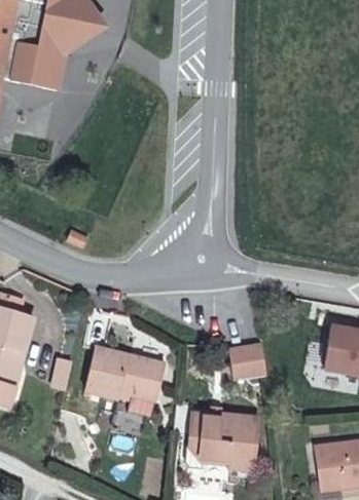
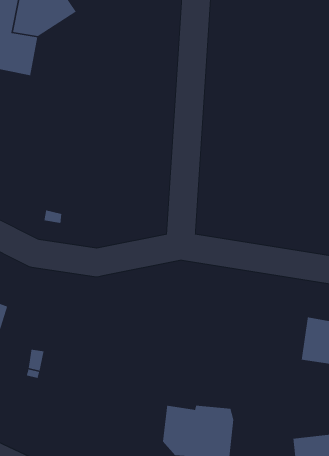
building: [227,344,265,381] -> none
building: [83,347,166,424] -> none

